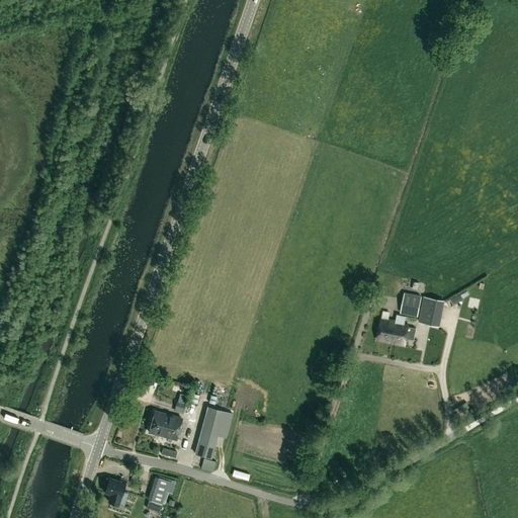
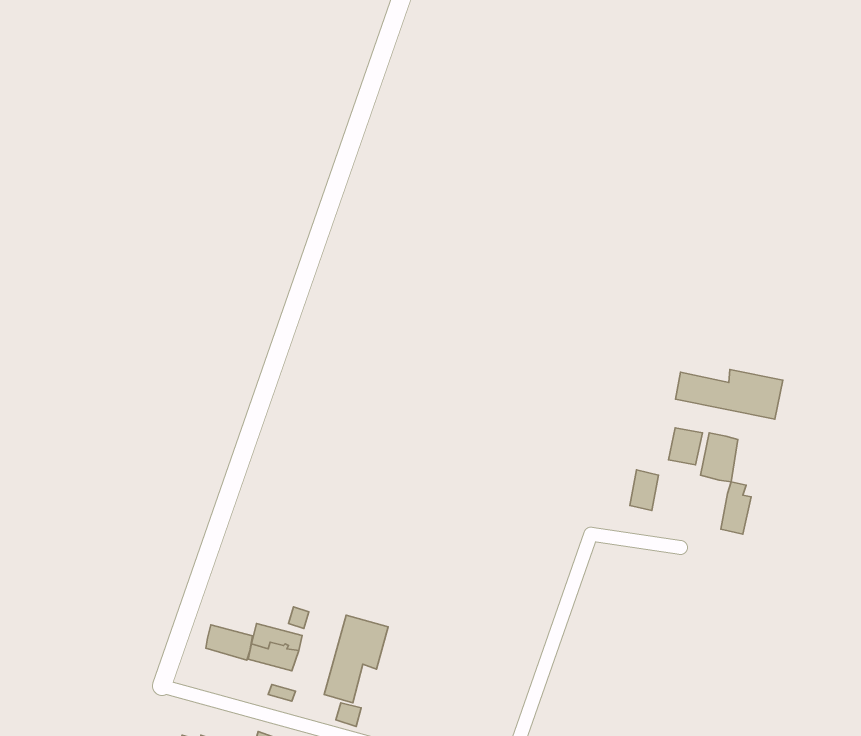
building: none -> [676,369,783,419]
building: [391,316,409,347] -> [721,482,751,534]
building: none -> [206,625,252,660]

